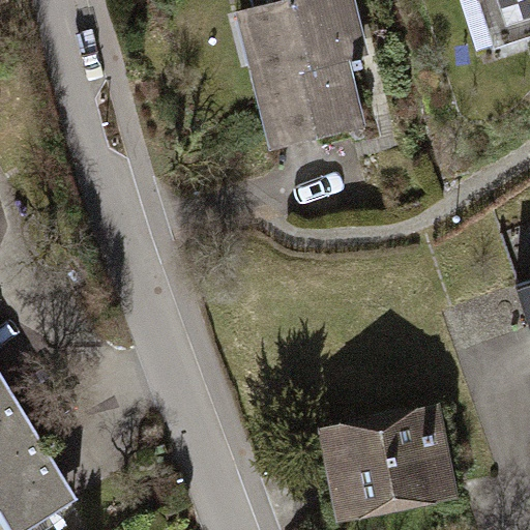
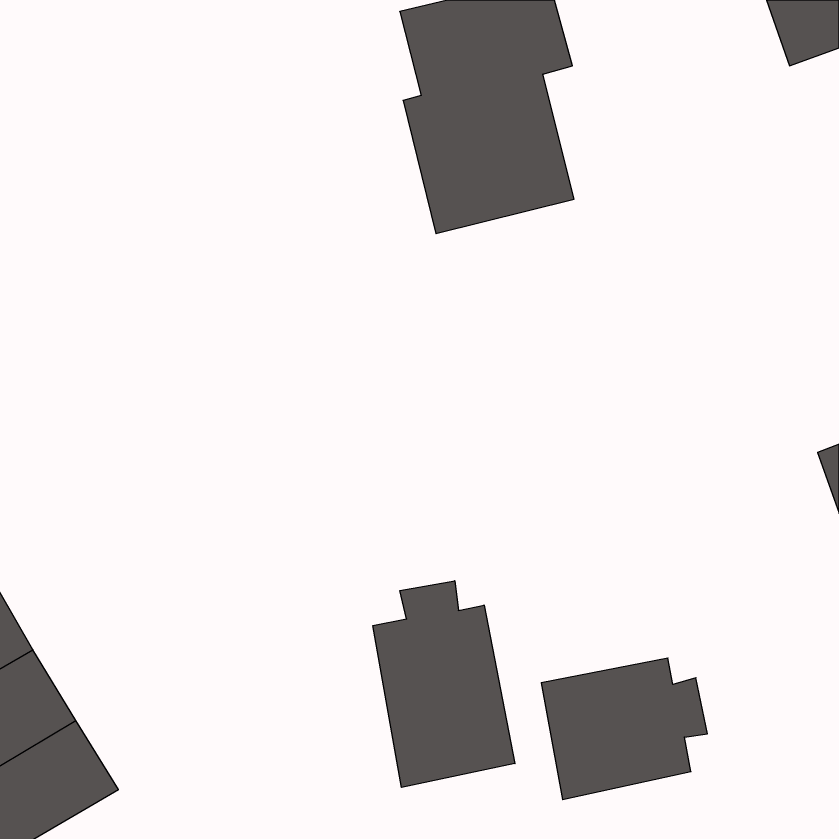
building: none -> [373,581,515,787]

